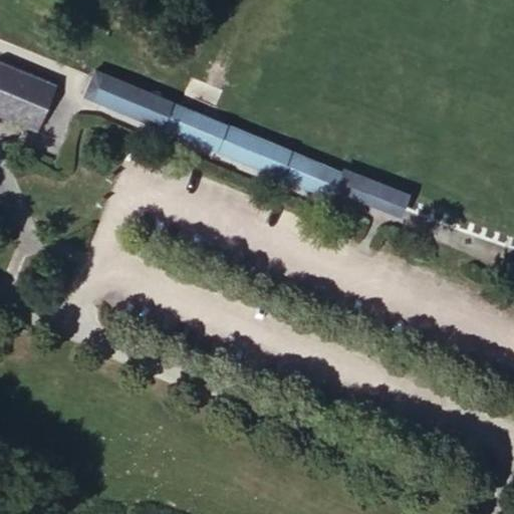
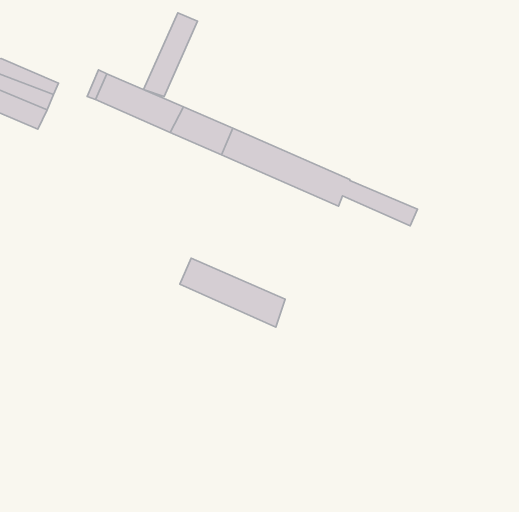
building: none -> [144,13,197,97]
building: none -> [180,258,285,327]

